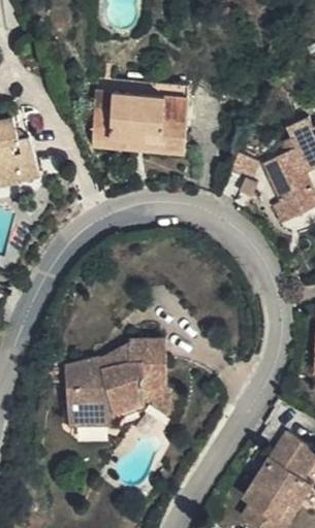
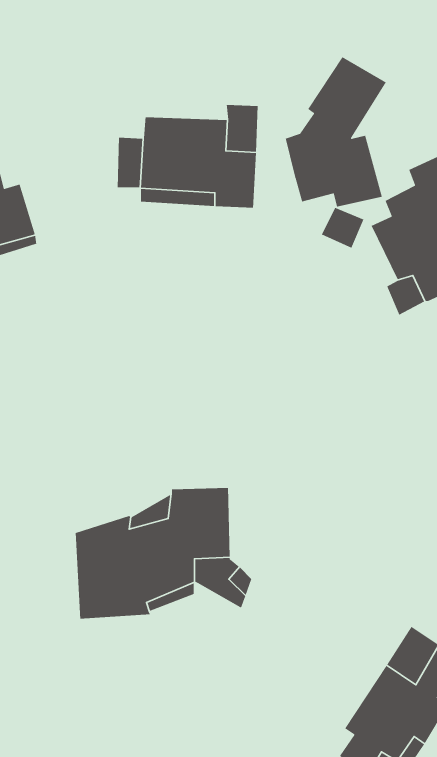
building: none -> [285,56,387,208]

